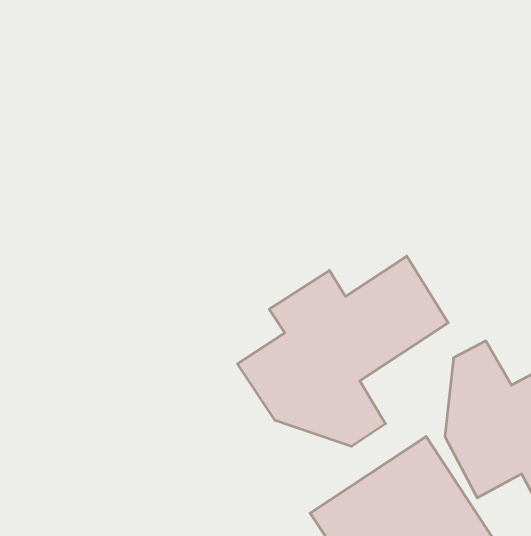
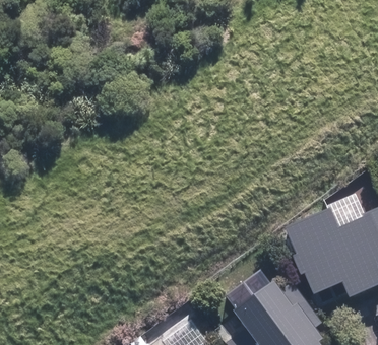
building: [238,256,448,446] -> none

